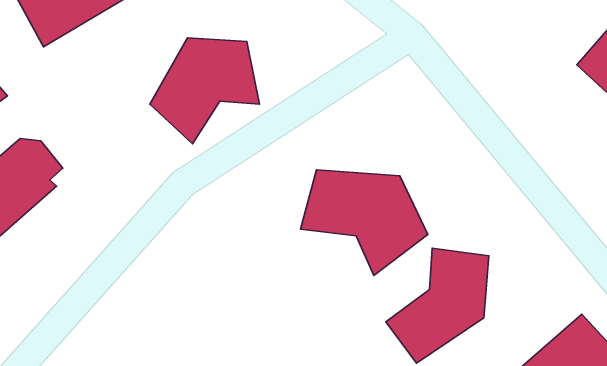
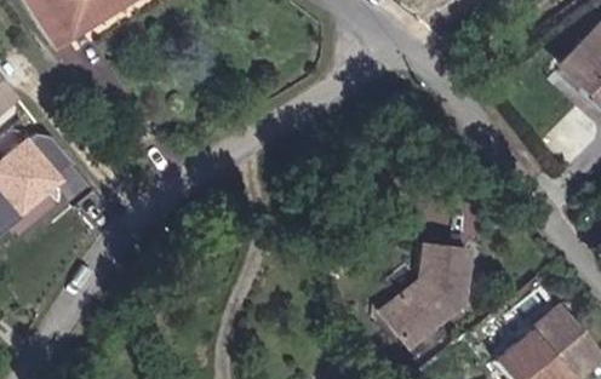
building: [150,38,259,144] -> none
building: [301,170,428,275] -> none

